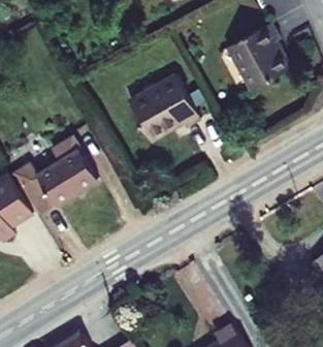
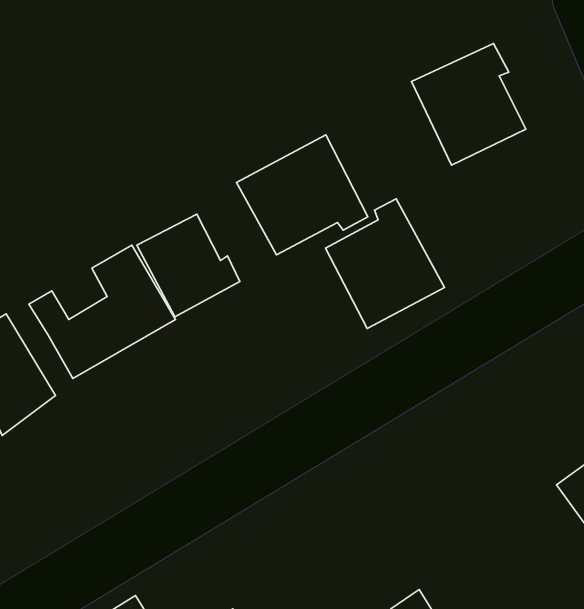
building: none -> [325,199,445,329]
building: none -> [137,214,240,317]

